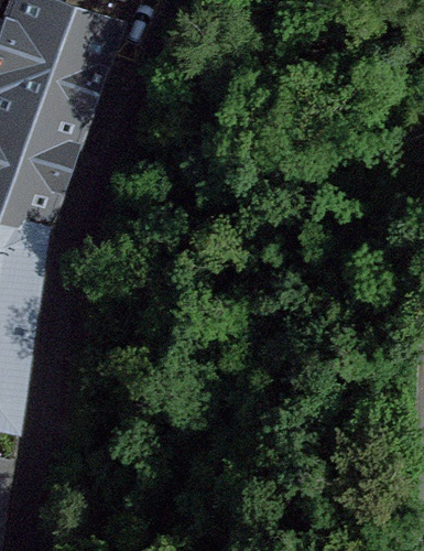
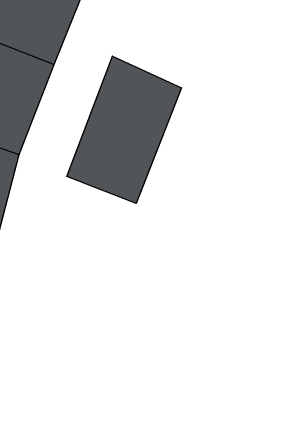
building: none -> [67,56,182,203]

